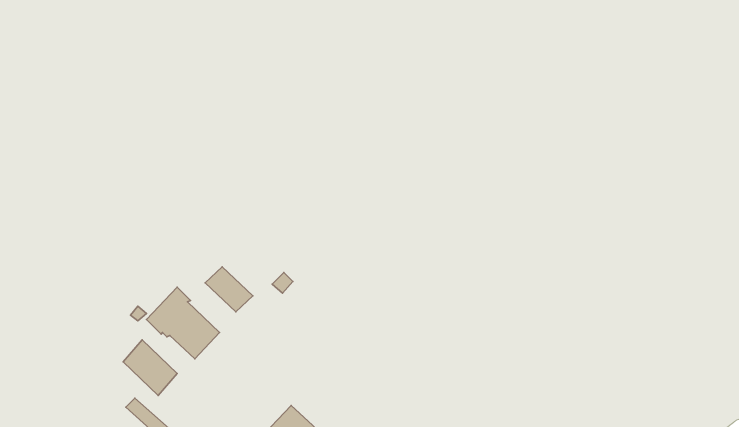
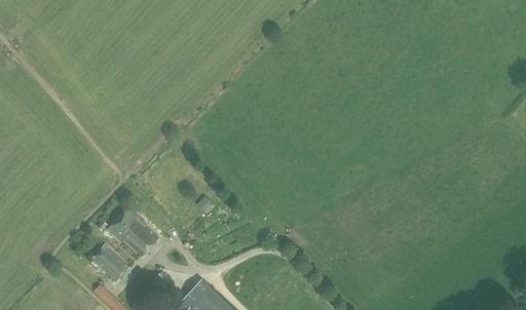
building: [205,267,253,312] -> none

